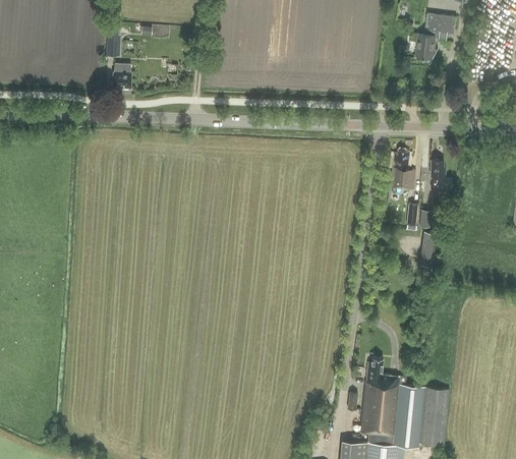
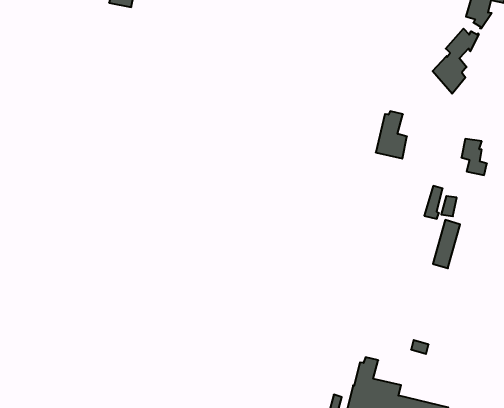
building: none -> [433,29,479,94]
building: [390,151,414,189] -> [376,111,407,159]

